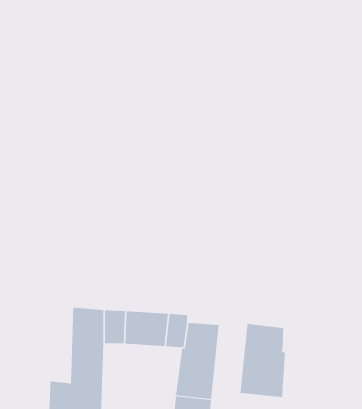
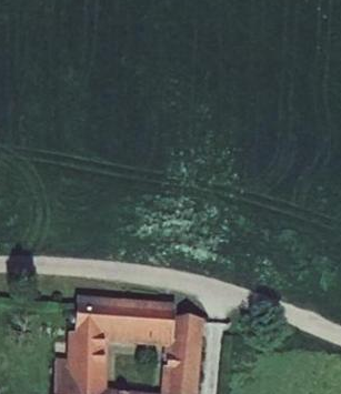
building: [240,323,286,398] -> none

